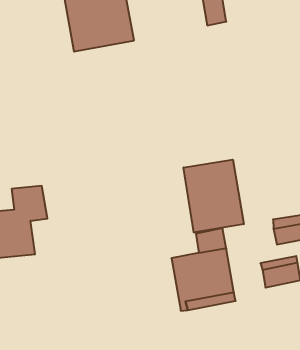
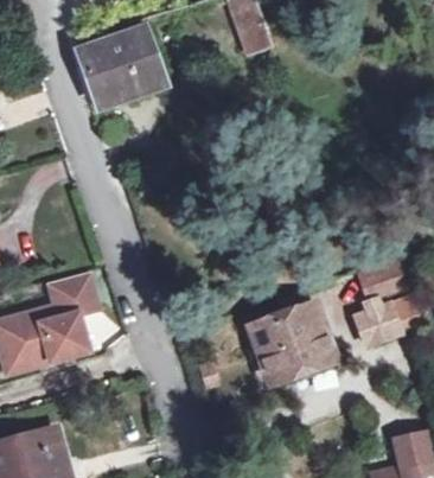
building: [184,160,244,233] -> none

